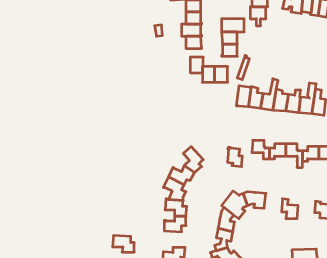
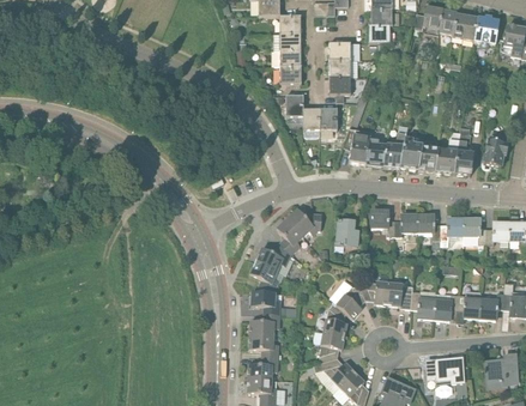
building: none -> [288,208,322,236]
building: none -> [388,283,413,308]
building: none -> [434,292,459,320]
building: [113,236,134,252] -> [249,334,279,357]

